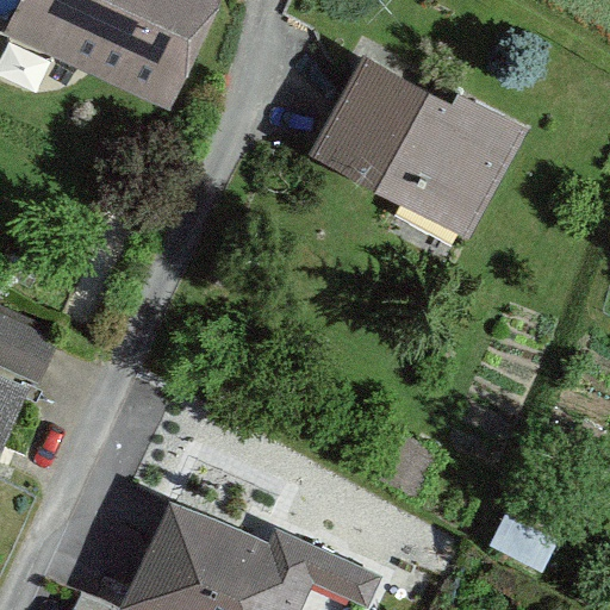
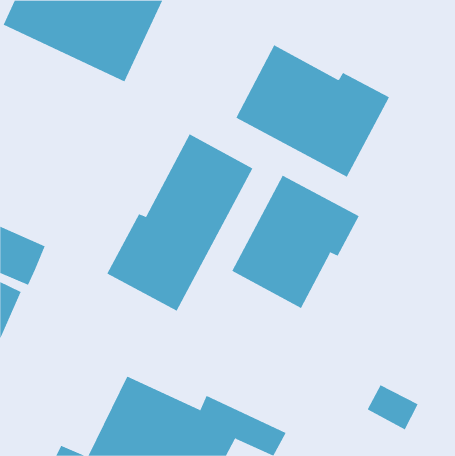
building: none -> [106,133,253,312]
building: none -> [232,175,360,309]

